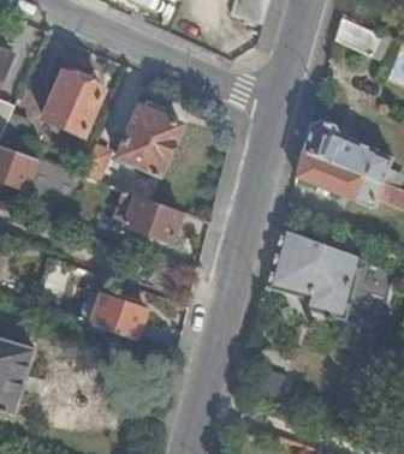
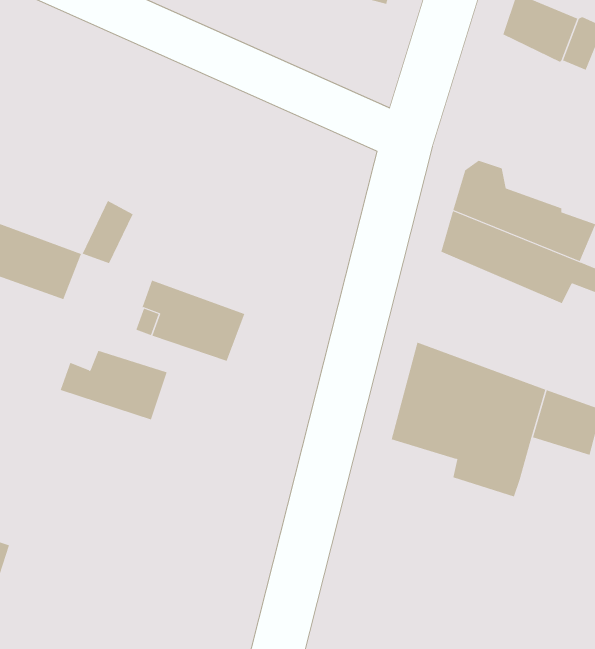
building: [44,73,103,135] -> none
building: [121,109,180,174] -> none
building: [81,294,145,336] -> [60,350,168,420]

